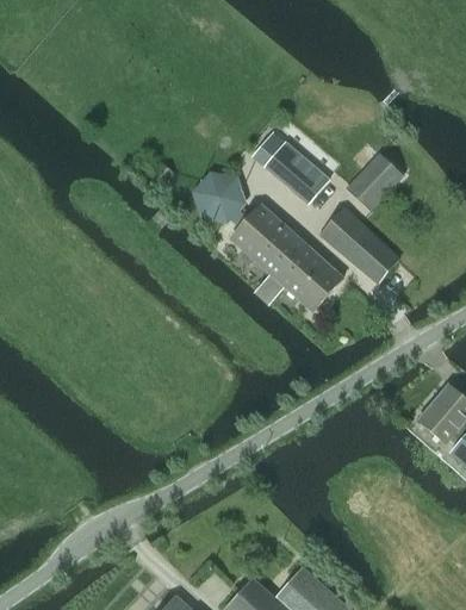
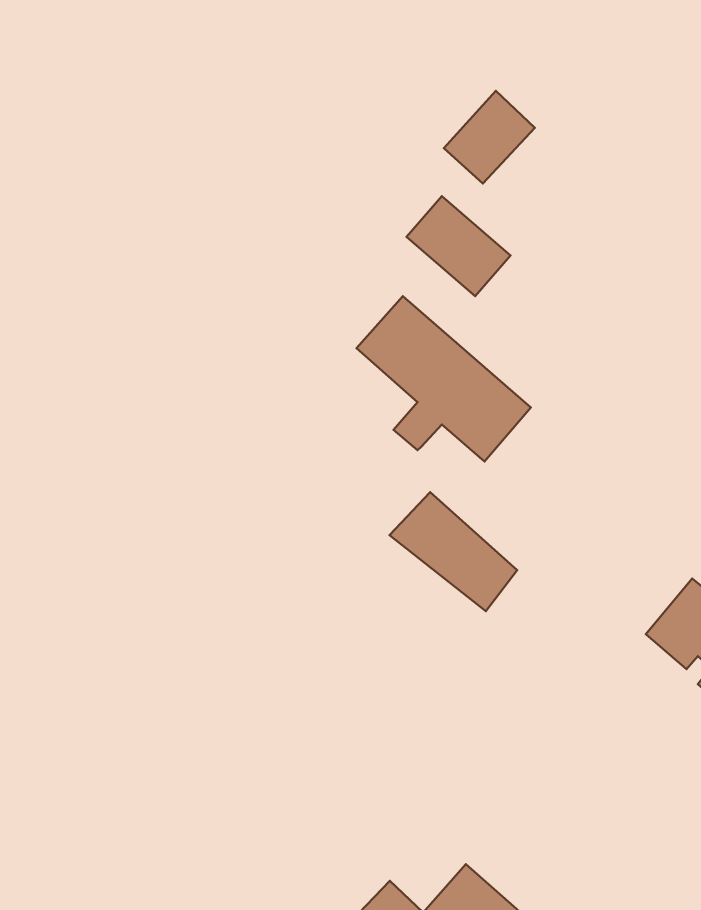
building: [344,151,403,211] -> [444,91,535,184]
building: [200,175,257,228] -> none
building: [317,207,399,284] -> [389,492,517,611]

